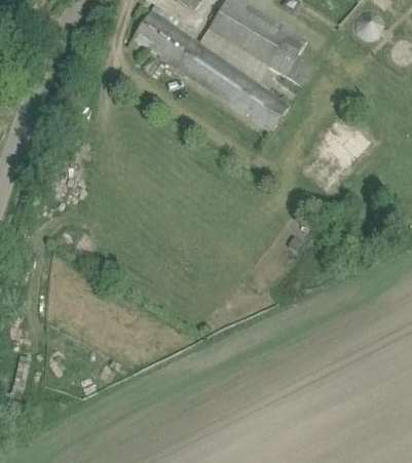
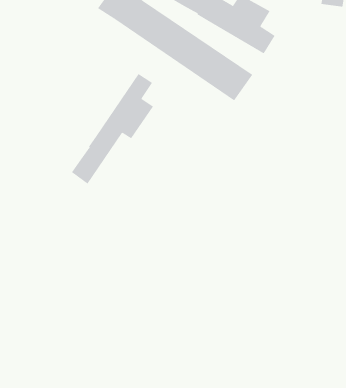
building: none -> [71,73,154,185]

